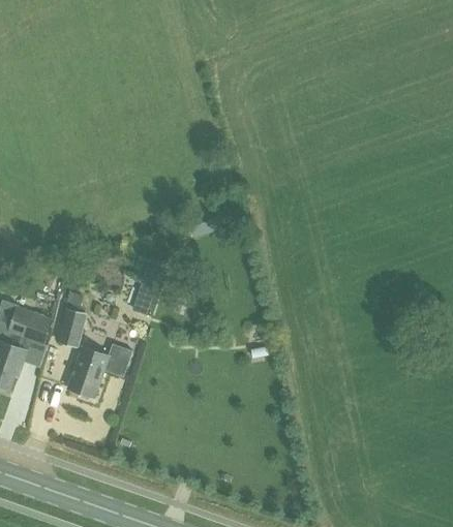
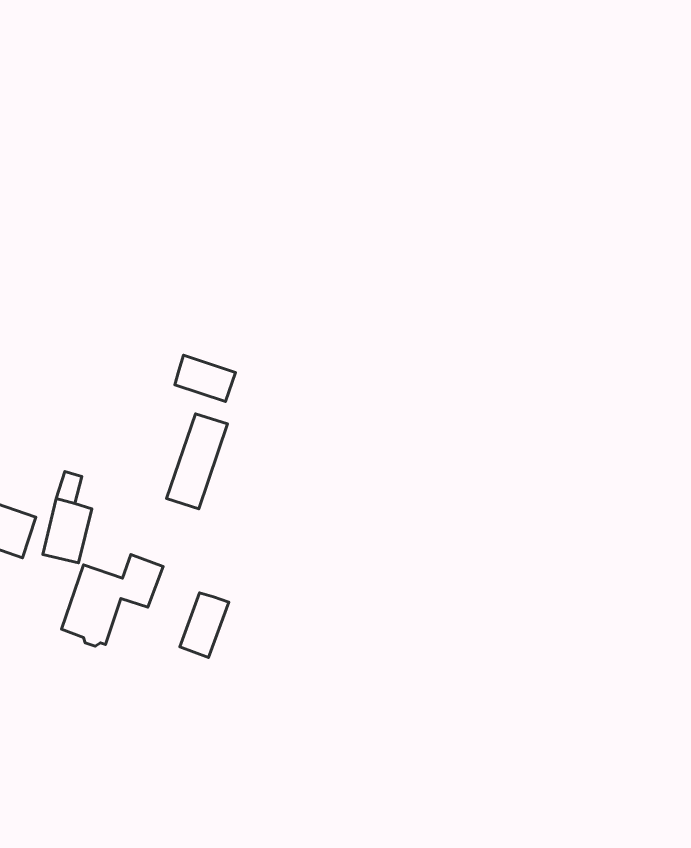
building: none -> [175,355,235,401]
building: none -> [180,593,229,658]

